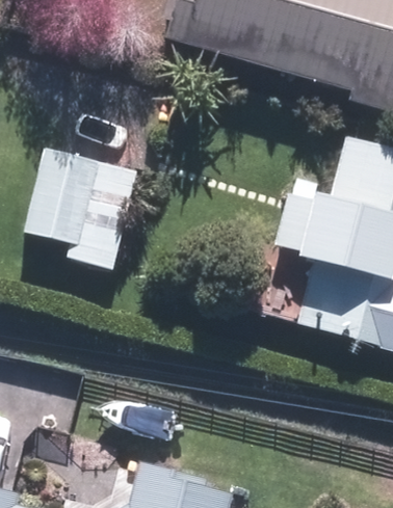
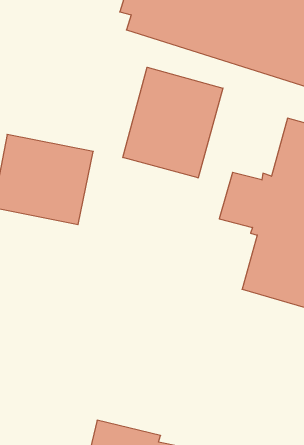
building: none -> [123,67,223,178]

